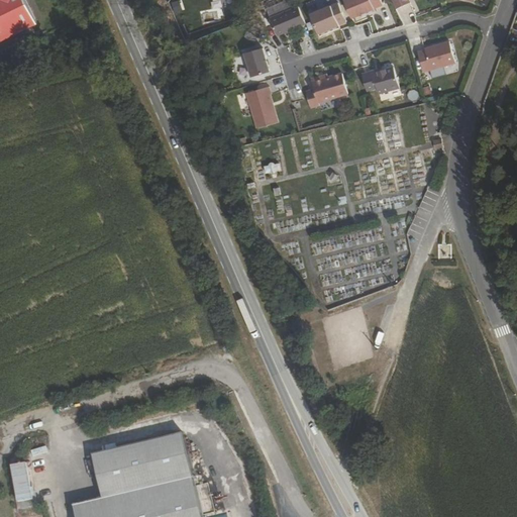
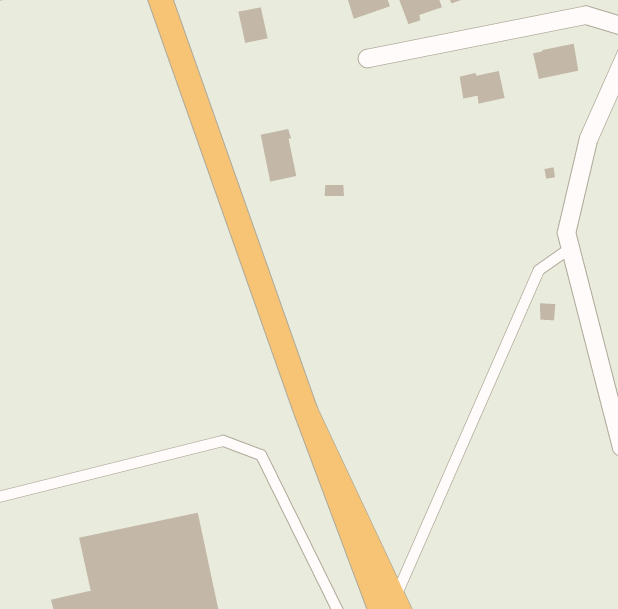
building: [241,47,267,77] -> [238,7,268,43]
building: [303,73,345,108] -> none
building: [243,86,275,128] -> [260,129,297,182]

